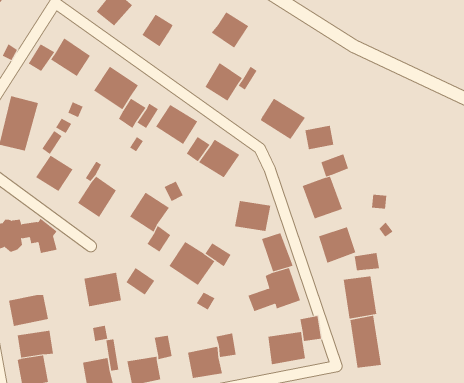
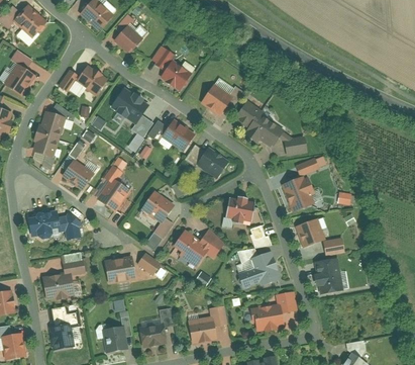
building: [211,11,249,48] -> [160,61,191,91]
building: none -> [234,99,262,127]
building: none -> [61,252,84,274]
building: [350,315,381,369] -> none

